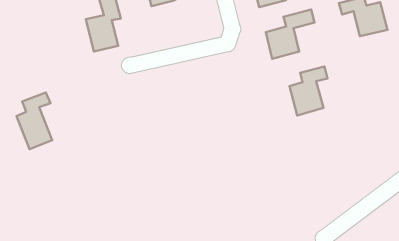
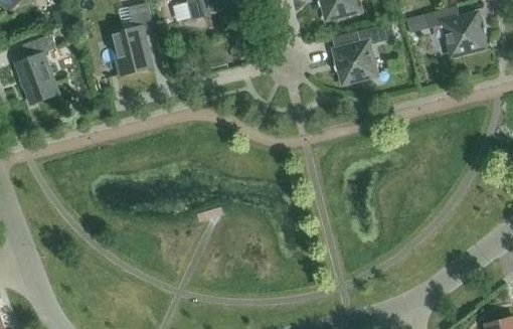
building: [290,66,327,115] -> none
building: [16,93,52,149] -> [14,34,58,105]

